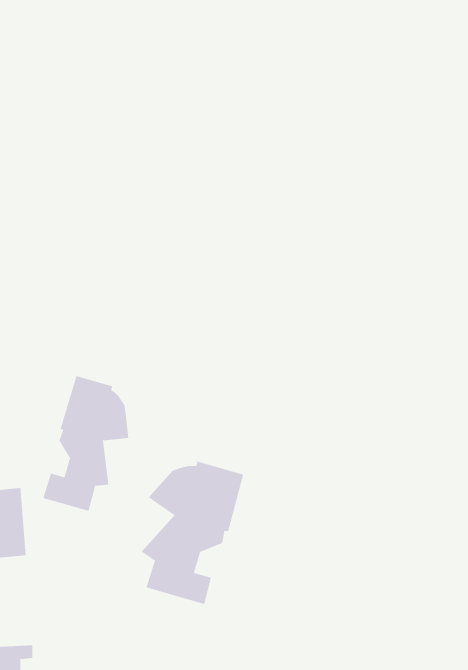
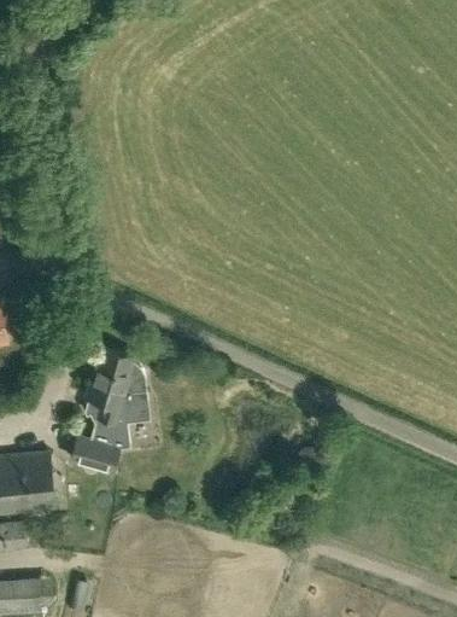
building: [141,461,244,605] -> none

